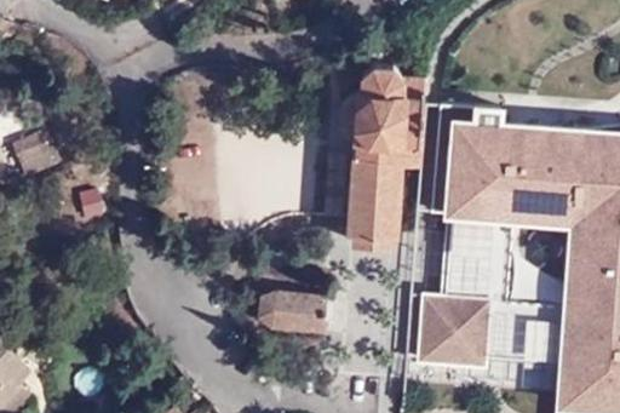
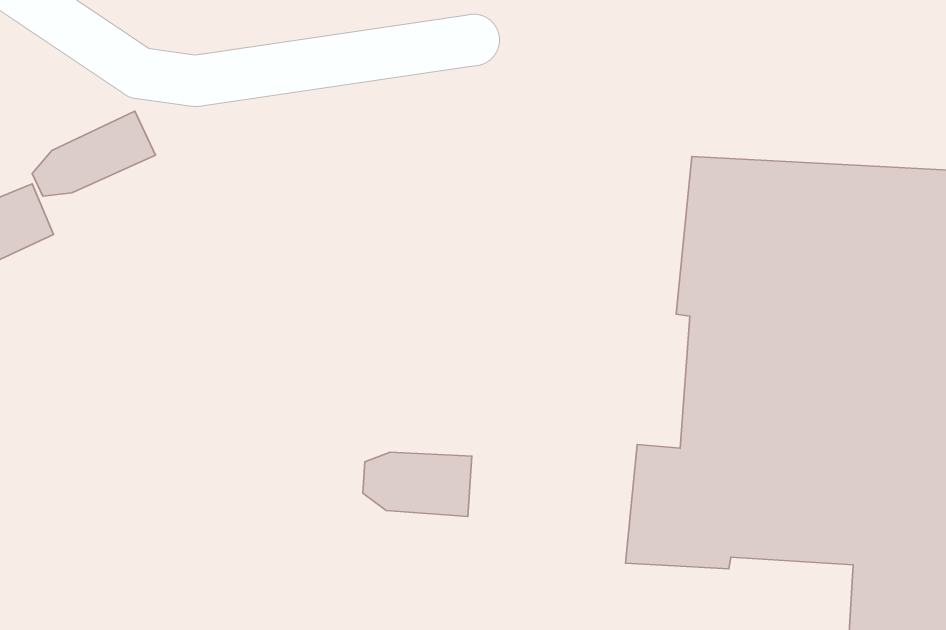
building: [334,67,429,252] -> none
building: none -> [32,111,155,196]

